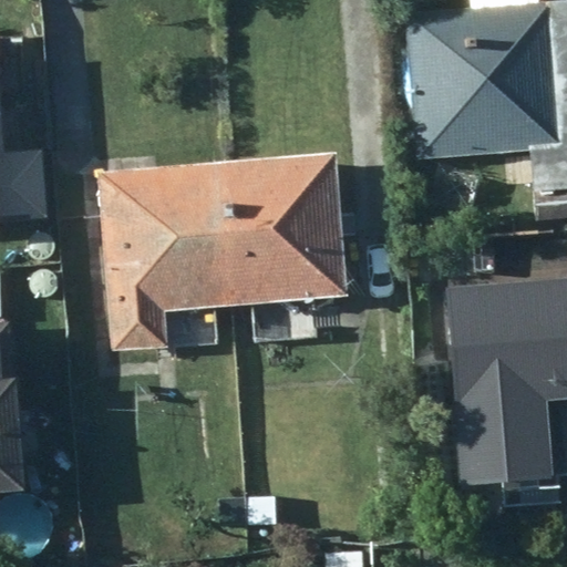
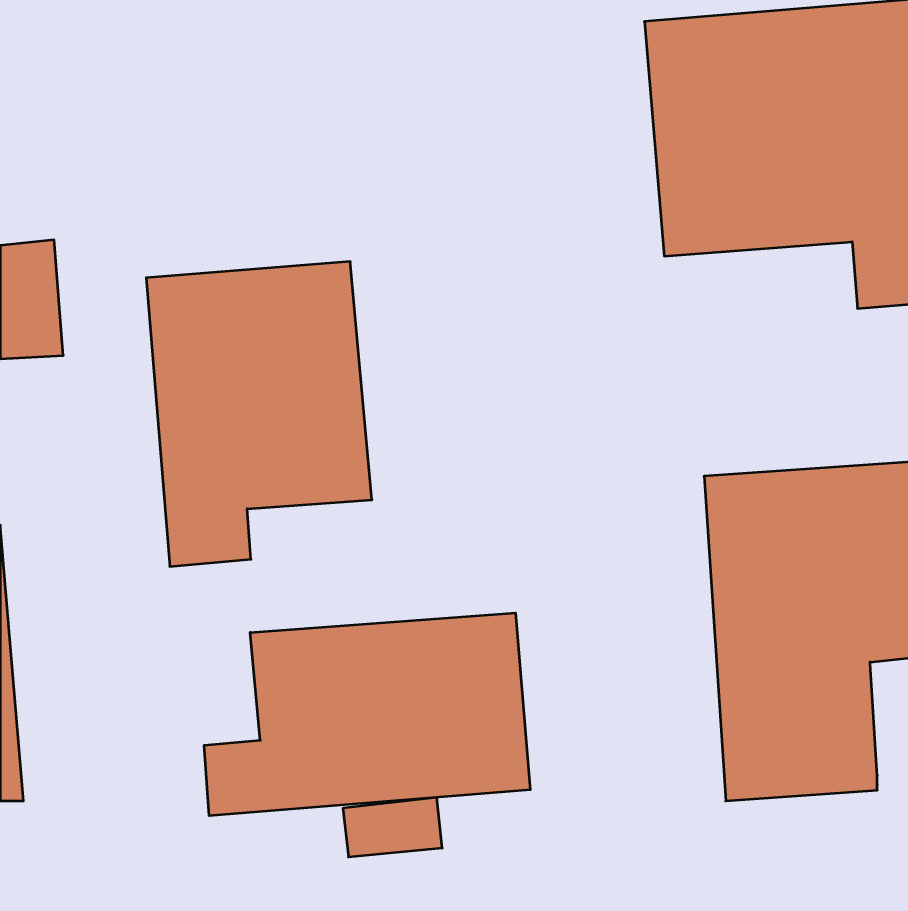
building: [224,151,346,307] -> none
building: none -> [204,613,530,816]

